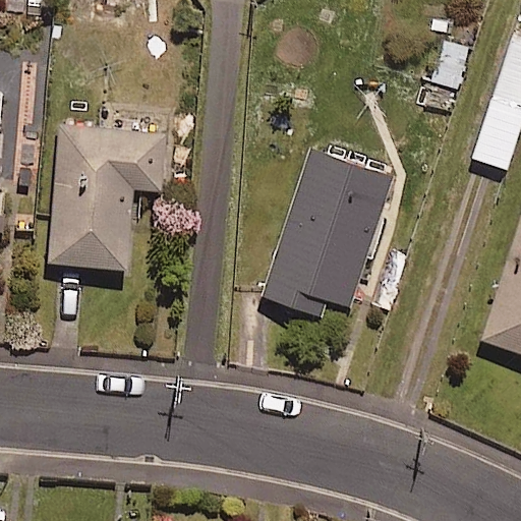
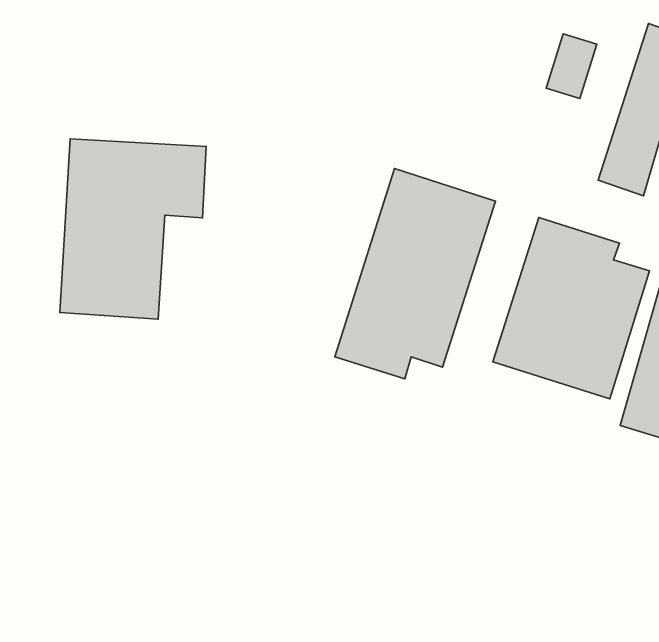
building: none -> [493,217,650,399]

